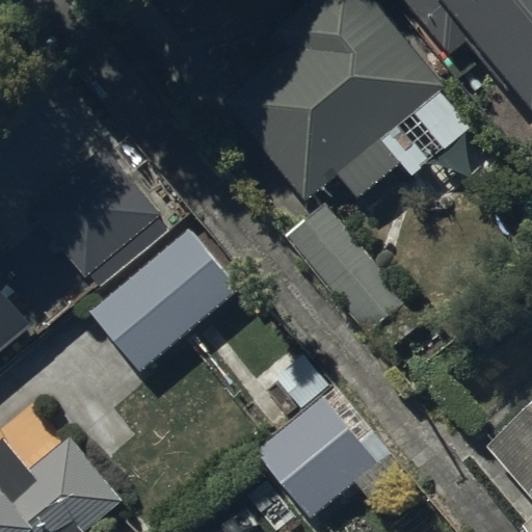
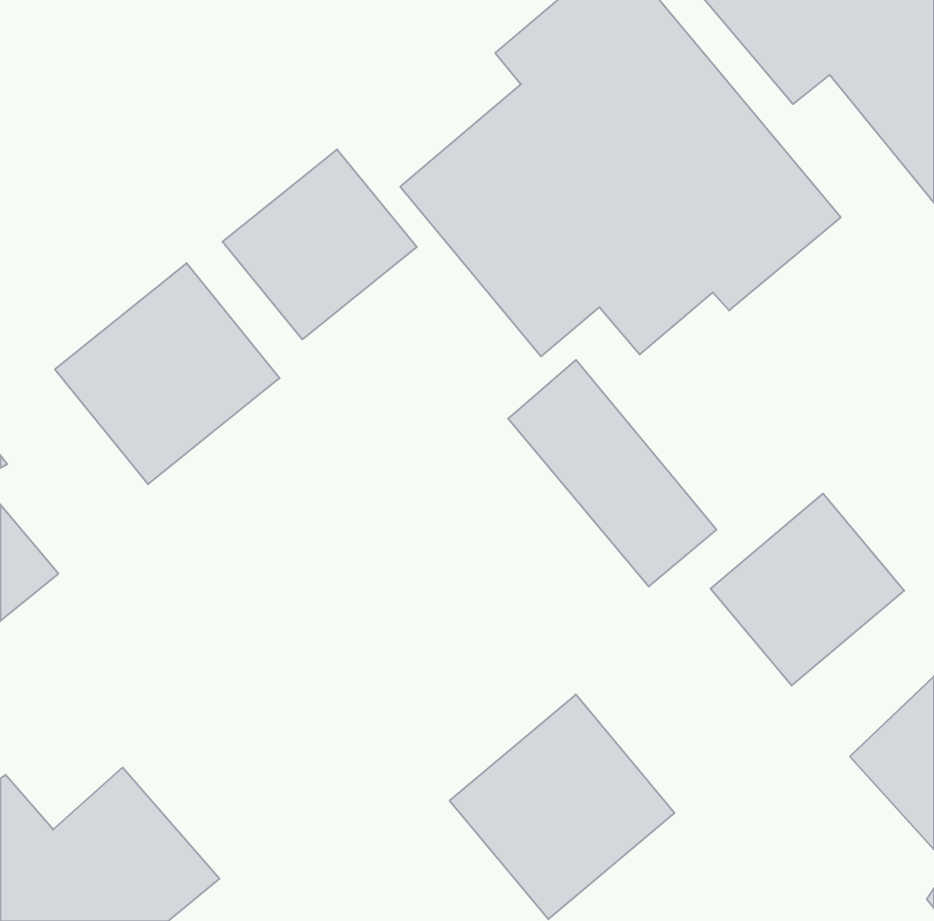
building: none -> [223,149,417,339]
building: [89,228,240,371] -> none
building: none -> [710,494,904,686]

